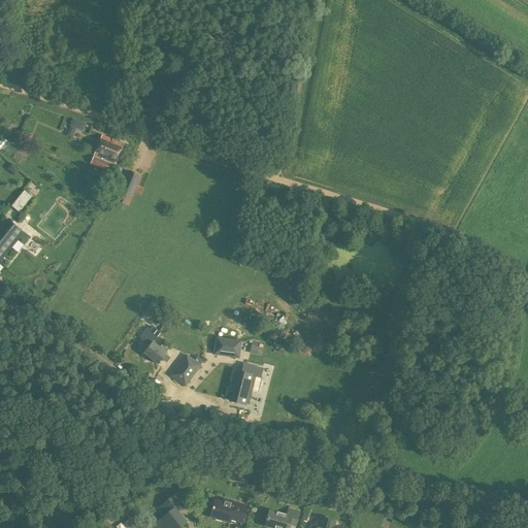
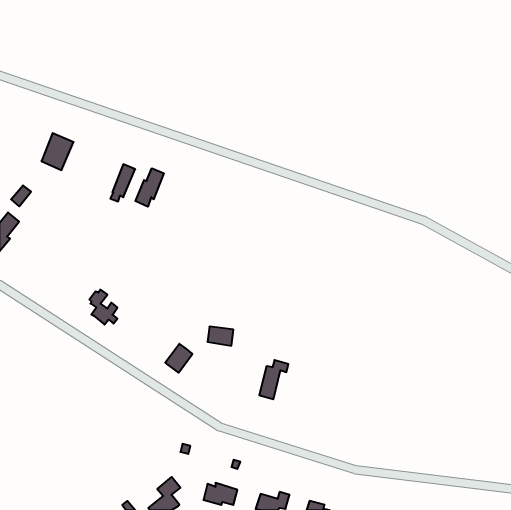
building: [90,133,123,171] -> [41,133,74,170]
building: none -> [135,168,164,207]
building: [140,326,169,362] -> [89,290,117,325]
building: [231,364,261,404] -> [259,360,288,399]

